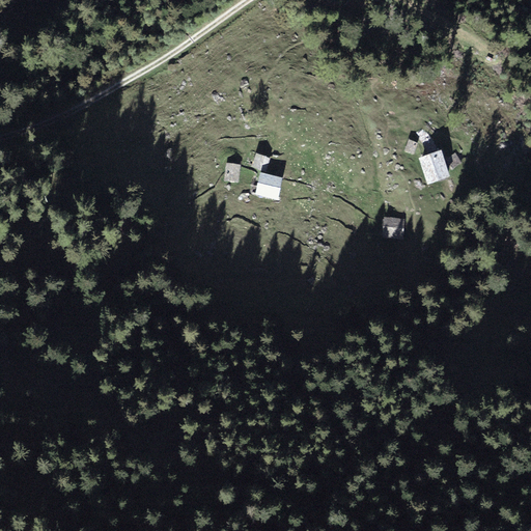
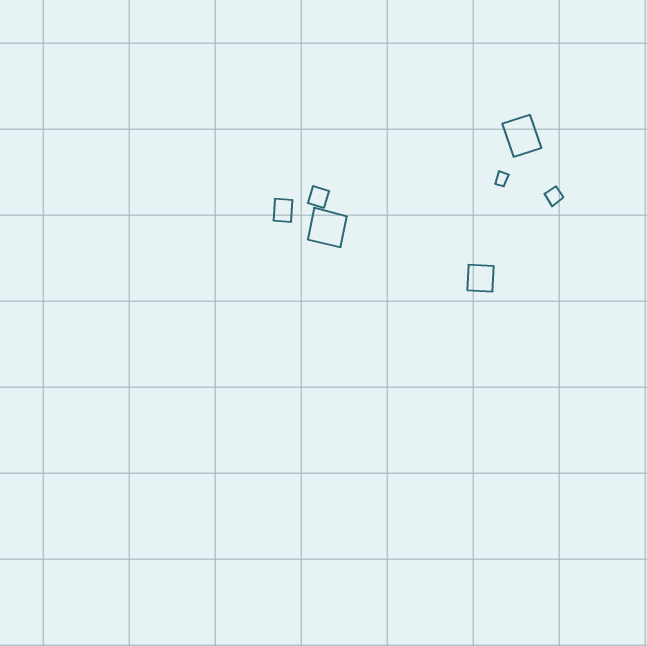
building: [418,149,450,184] -> [502,115,541,157]

